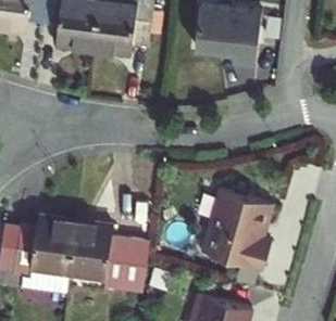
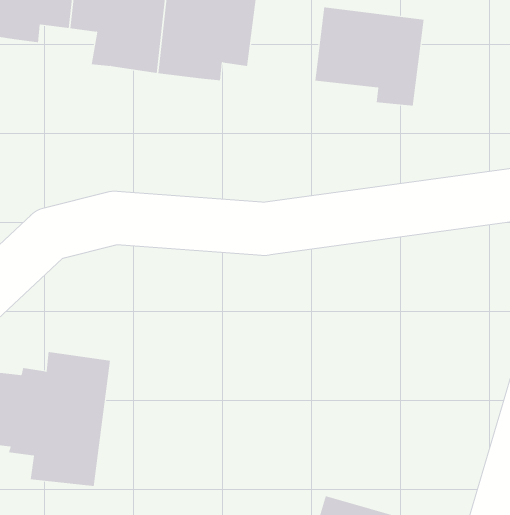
building: [202,193,273,272] -> none
building: [63,218,147,290] -> none

